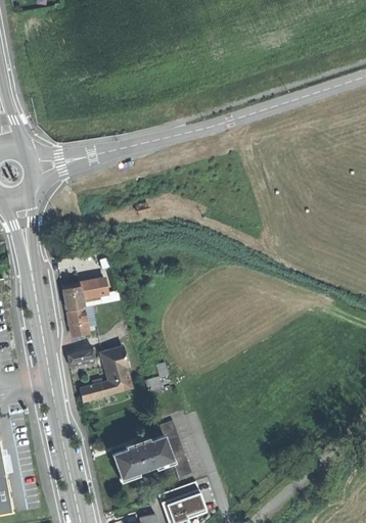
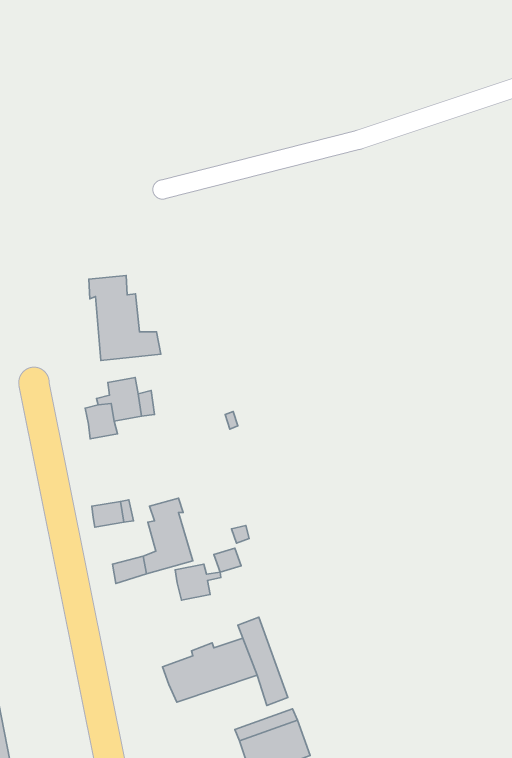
building: none -> [89,276,161,360]
building: [66,311,87,337] -> none
building: none -> [175,564,221,600]

